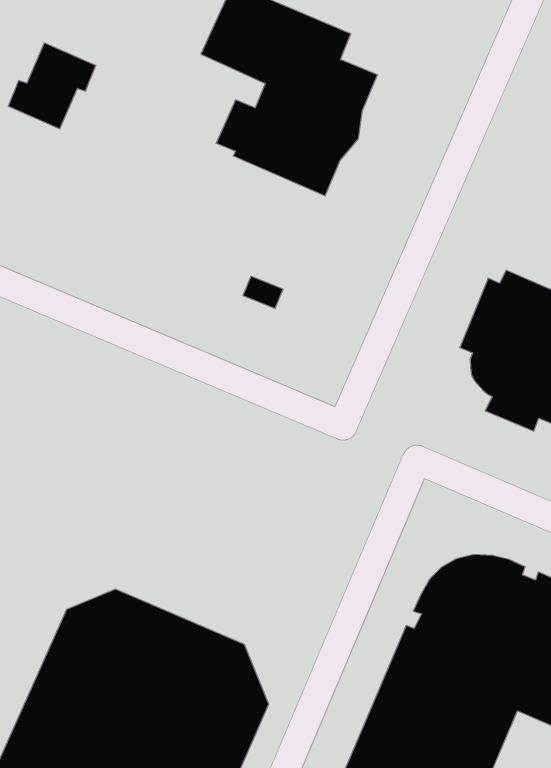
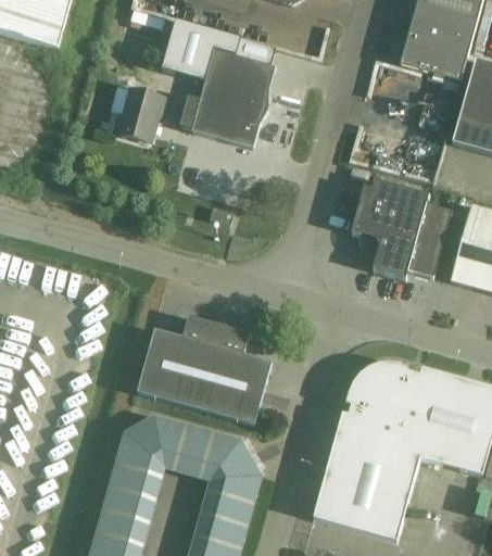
building: [8,43,96,129] -> [114,86,166,139]
building: none -> [136,315,272,424]

